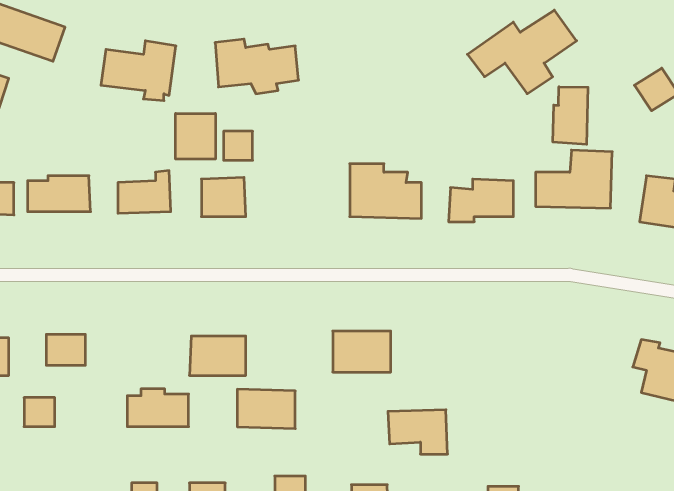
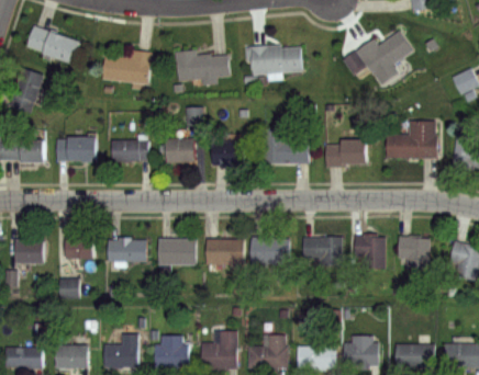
building: none -> [245,45,305,84]
building: [553,87,588,144] -> none
building: [176,113,215,159] -> none
building: none -> [214,141,245,164]
building: none -> [355,234,385,269]
building: none -> [396,236,426,269]
building: [127,389,189,427] -> [109,237,148,261]
building: [237,389,295,429] -> [208,239,245,264]
building: [388,410,448,454] -> [304,237,343,265]

